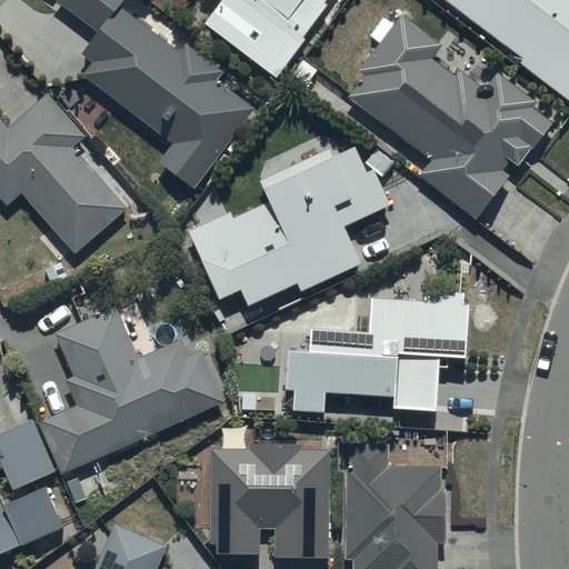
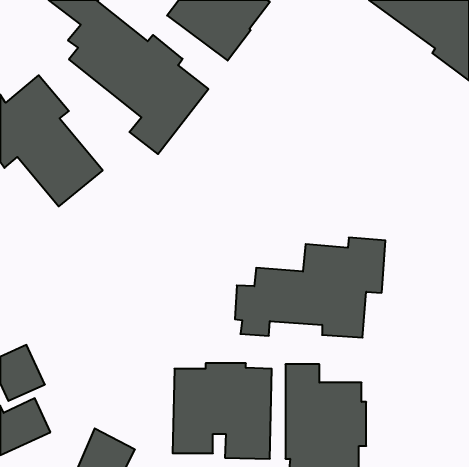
building: [350,17,552,220] -> none
building: [187,144,389,306] -> none
building: [39,301,224,472] -> none

